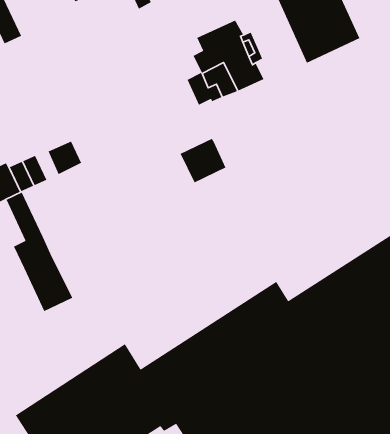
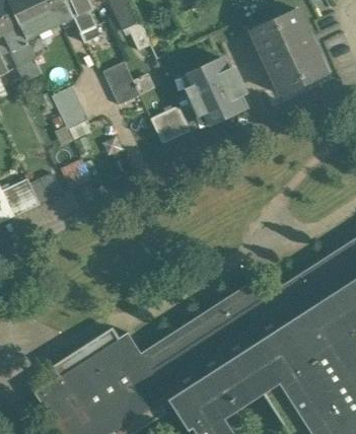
building: none -> [104,63,140,105]
building: none -> [52,87,88,130]
building: [180,138,226,184] -> [150,106,190,145]
building: [6,192,73,312] -> none

